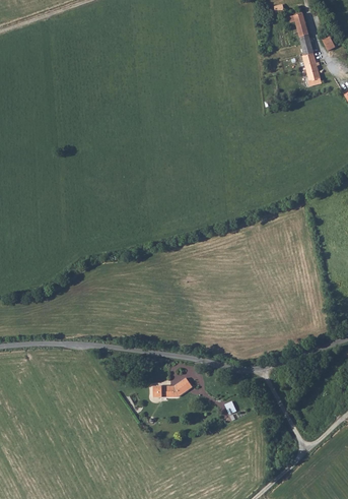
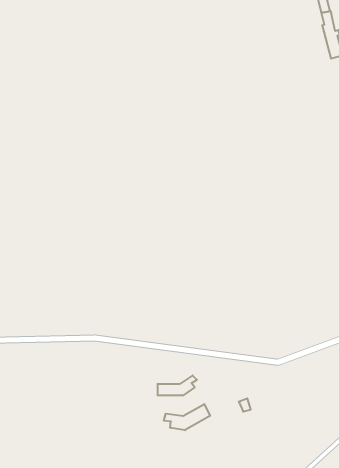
building: none -> [164,404,210,430]

